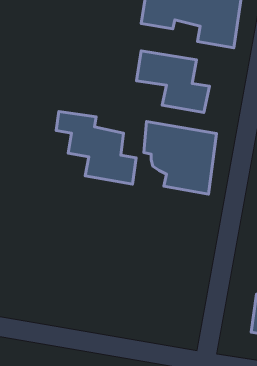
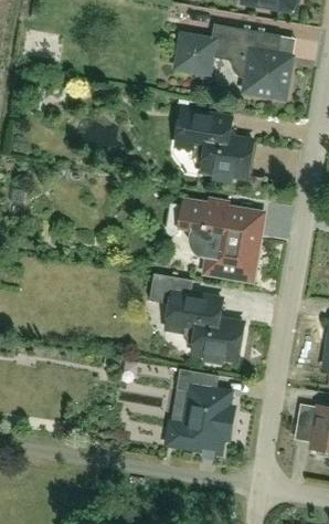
building: [56,111,136,184] -> [148,276,245,365]
building: none -> [163,371,236,457]

